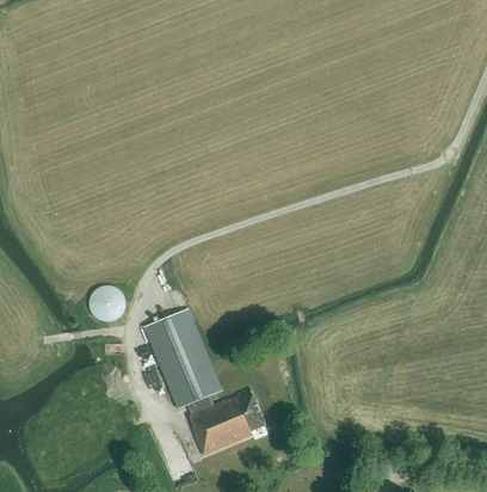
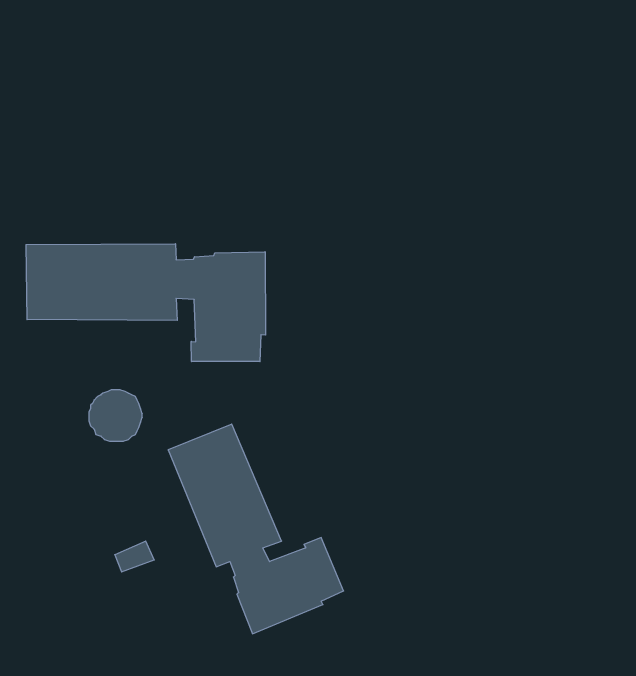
building: none -> [26,244,265,362]

